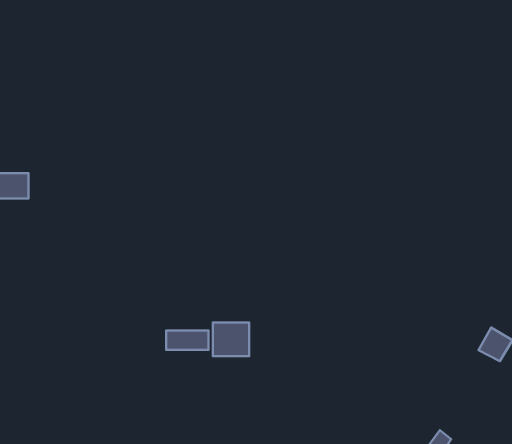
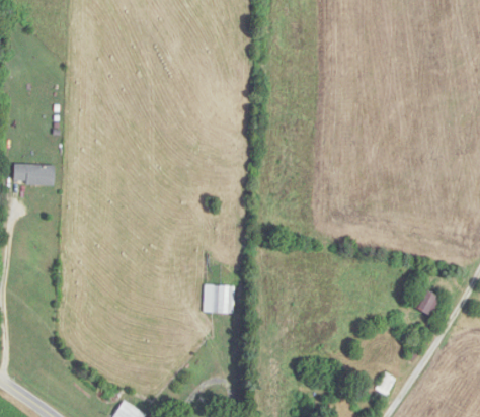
building: [166,331,209,350] -> none

